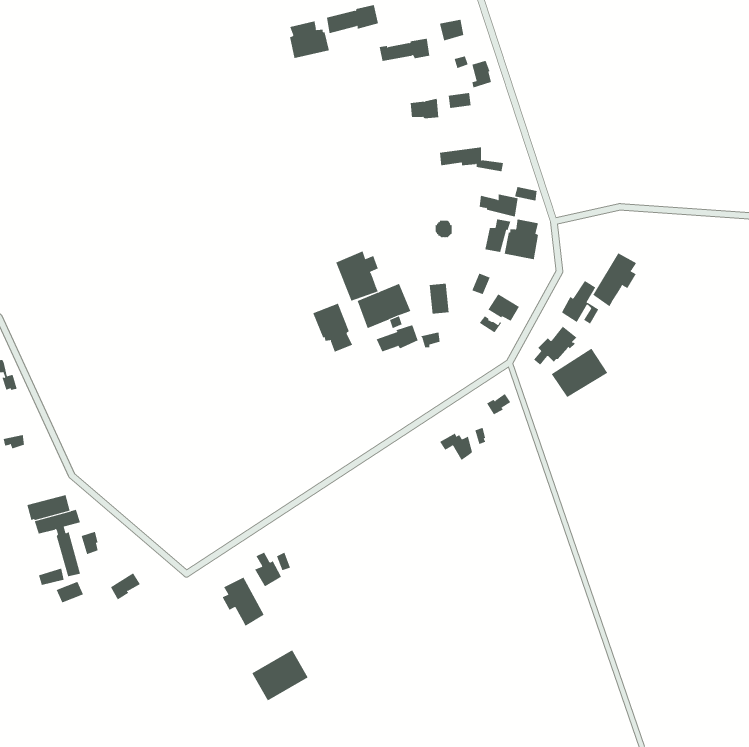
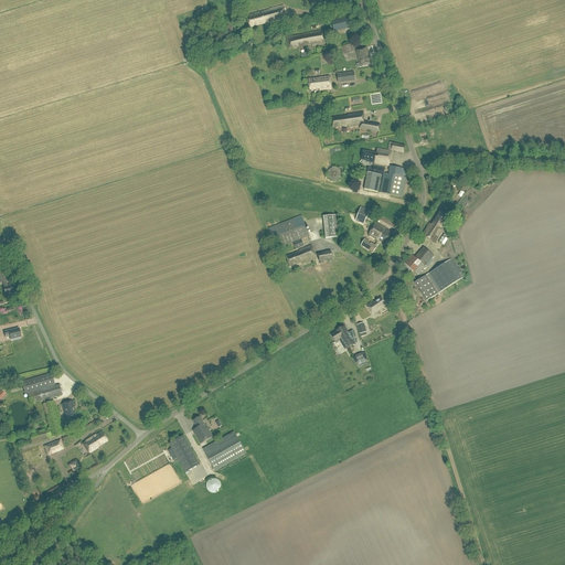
building: [289,20,330,59] -> none
building: [336,251,379,301] -> none
building: [593,253,637,307] -> none
building: [313,303,353,353] -> none
building: [251,650,309,701] -> [202,429,245,468]

